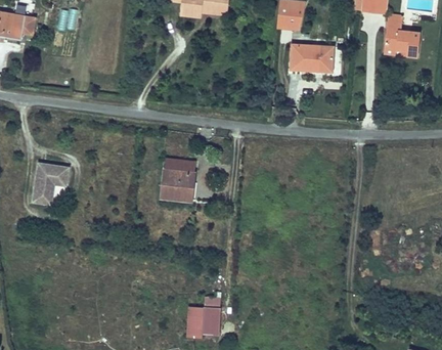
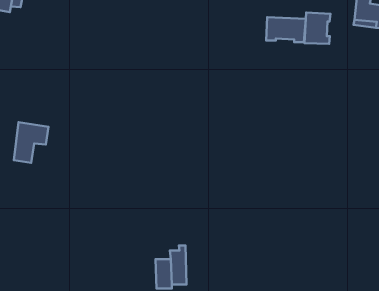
building: none -> [305,13,330,44]
building: [152,155,188,195] -> none

